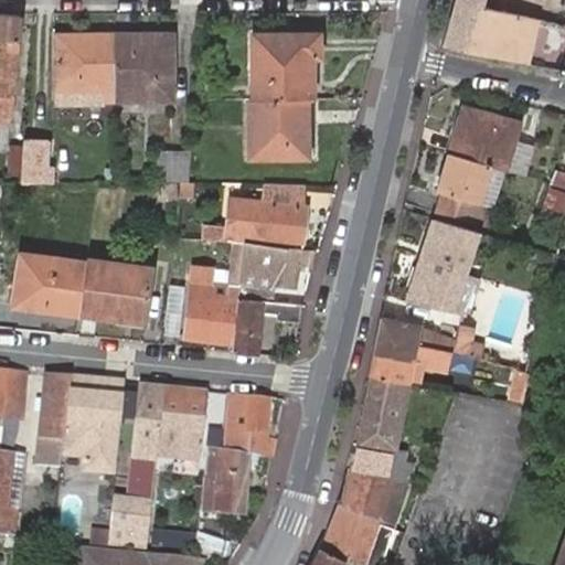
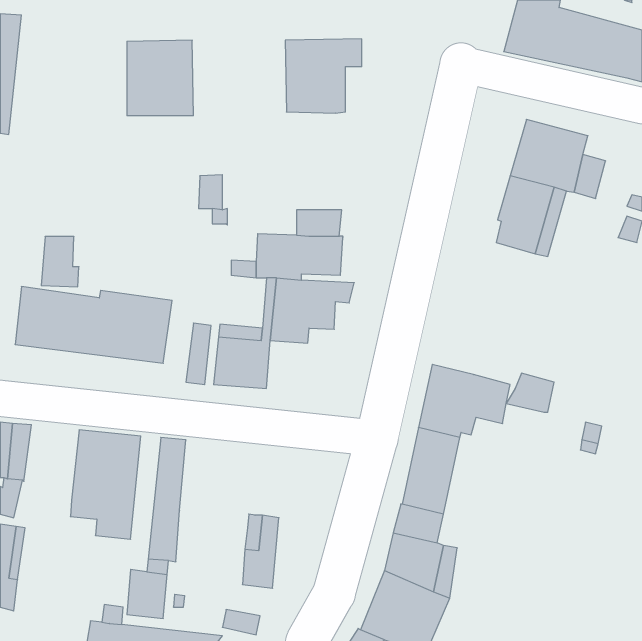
building: [53,38,111,103] -> none
building: [247,99,306,158] -> none
building: [21,139,54,183] -> [41,237,79,287]
building: [404,218,473,316] -> none
building: [233,300,299,353] -> none
building: [40,376,70,454] -> none
building: [158,387,207,454] -> none
building: [226,395,270,458] -> none

